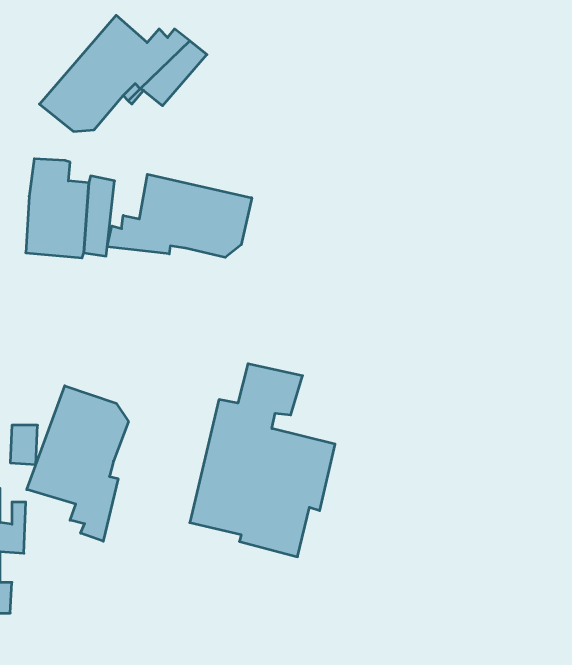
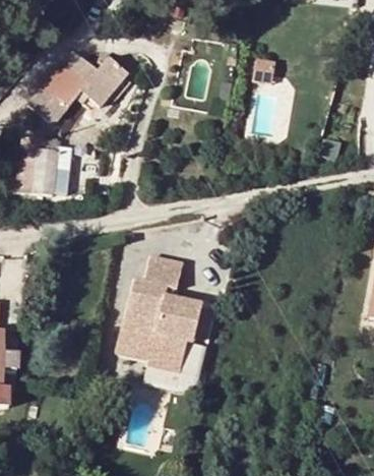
building: [107,174,252,257] -> none
building: [27,386,128,541] -> none

